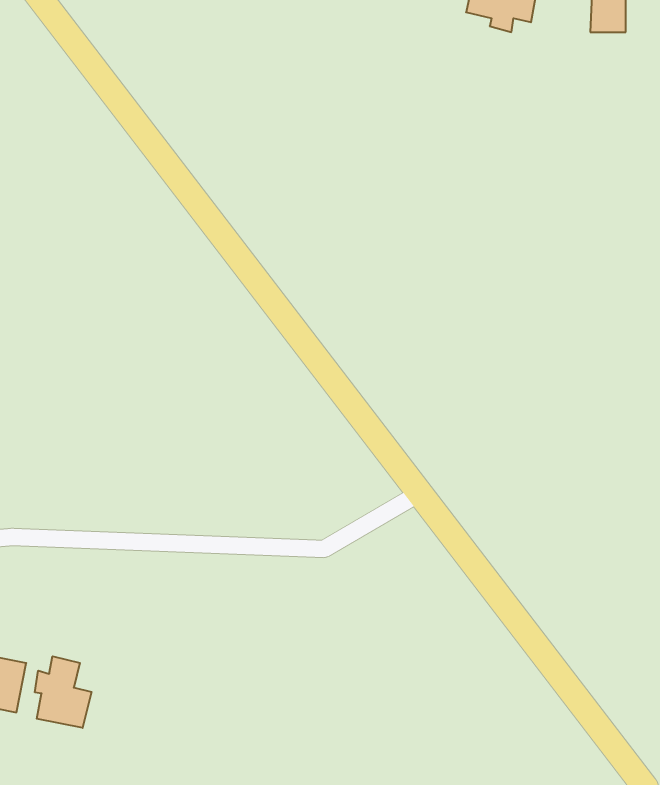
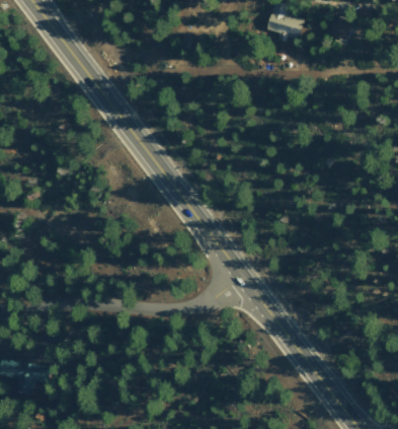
building: [35,656,92,728] -> none

